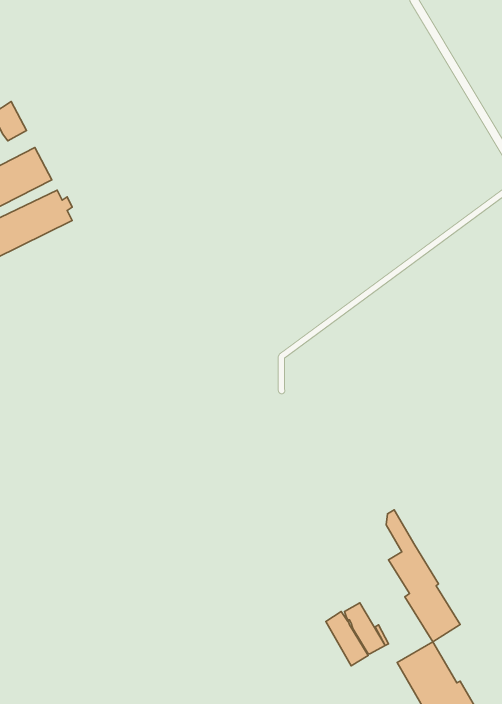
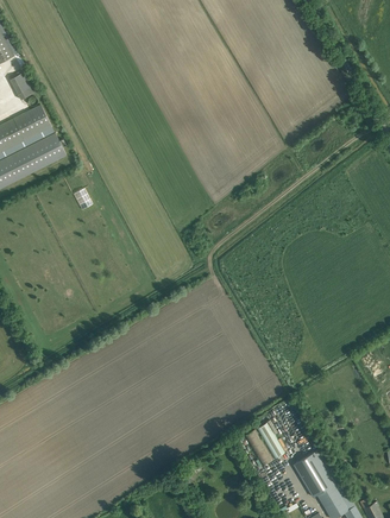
building: [386,510,460,642] -> none

